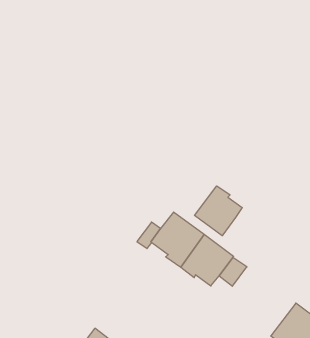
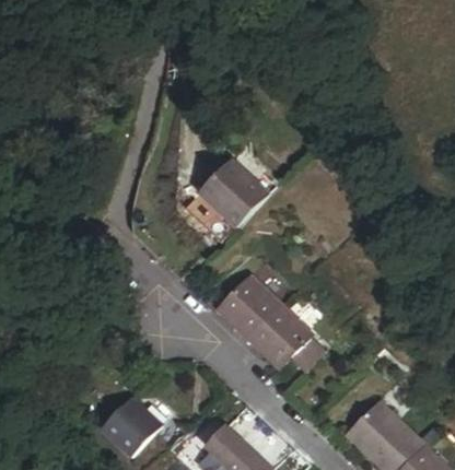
building: none -> [198,160,266,227]
building: [195,186,242,236] -> none

